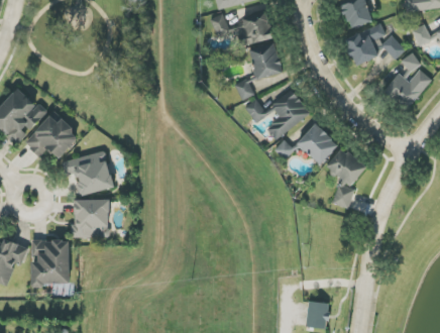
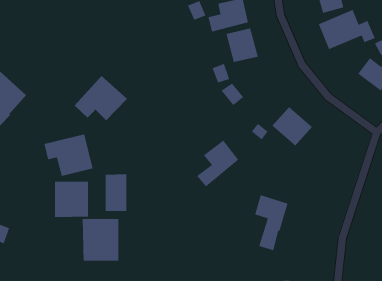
building: [264,91,309,140] -> [196,139,239,187]
building: [24,112,80,159] -> [74,75,128,121]
building: [328,150,363,209] -> [254,194,289,251]
building: none -> [105,174,127,212]
building: [30,240,69,285] -> [82,218,119,261]

